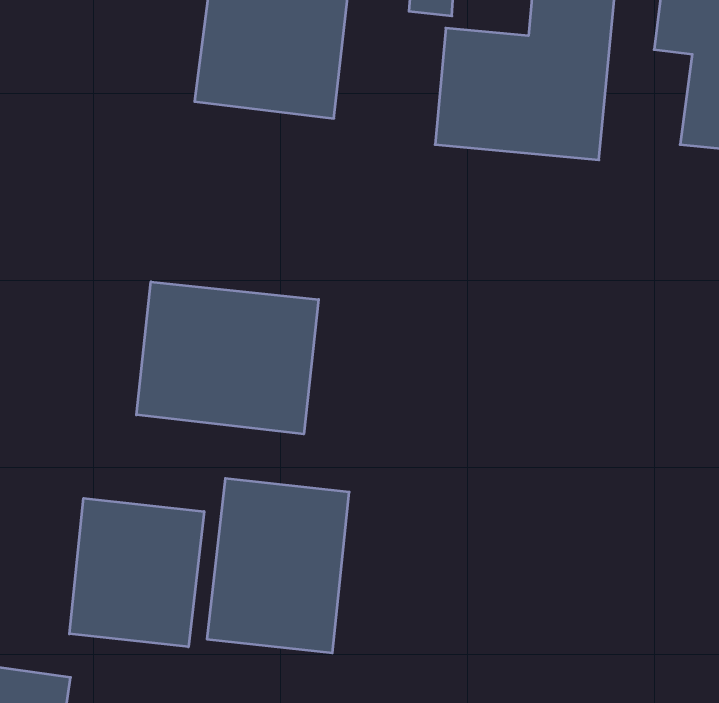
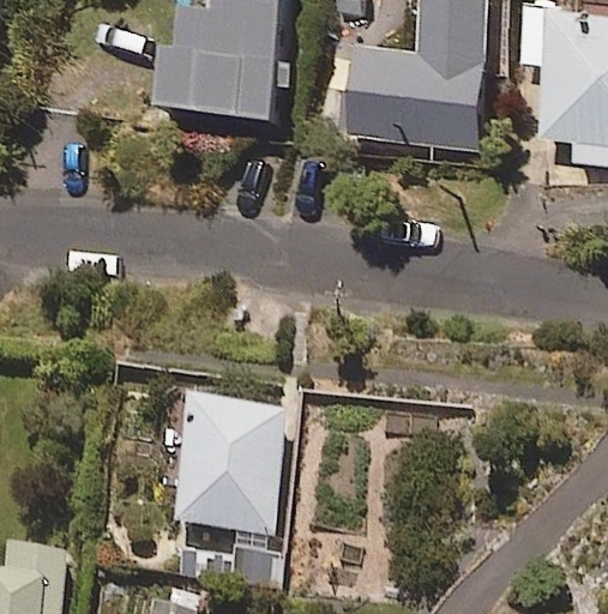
building: [136,282,319,434] -> none
building: [69,498,204,647] -> none

